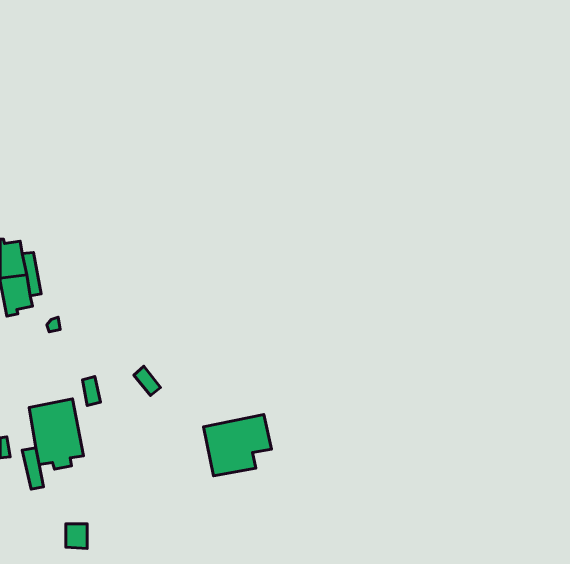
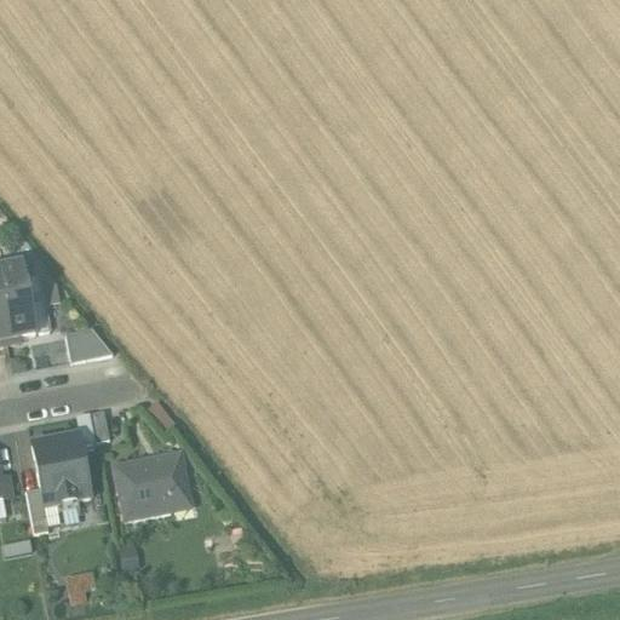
building: none -> [64,327,111,361]
building: [204,414,272,476] -> [114,450,188,517]

